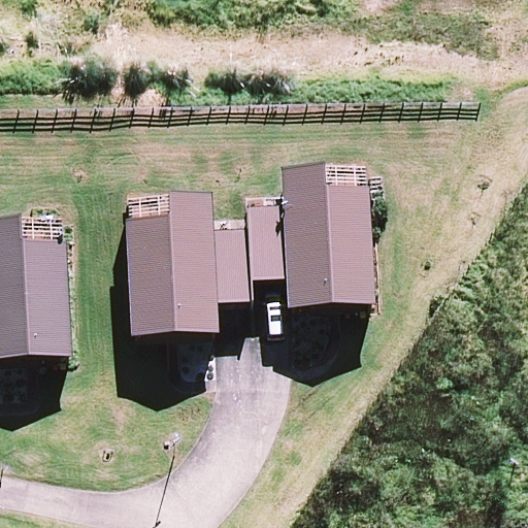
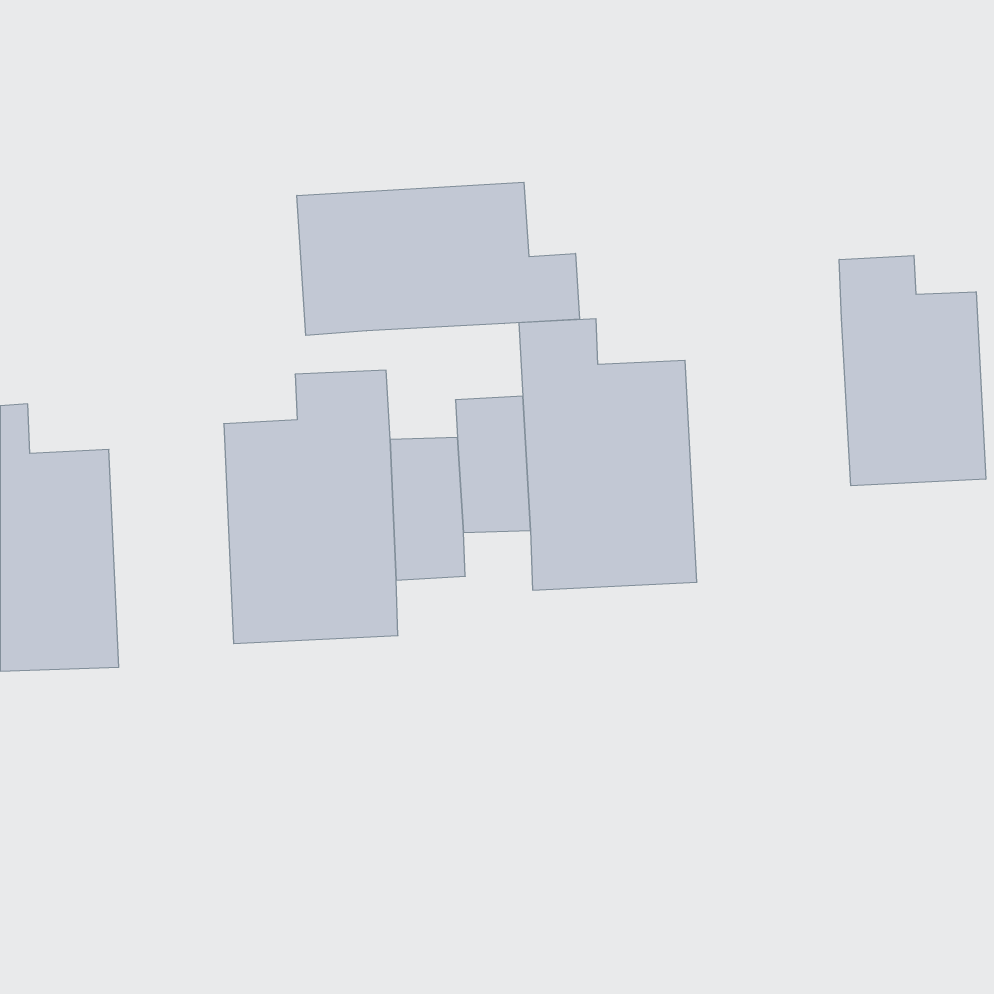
building: none -> [297,182,579,335]
building: none -> [839,255,986,486]

